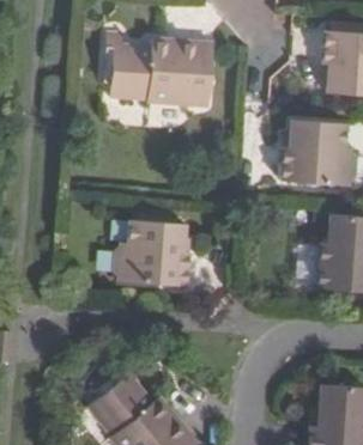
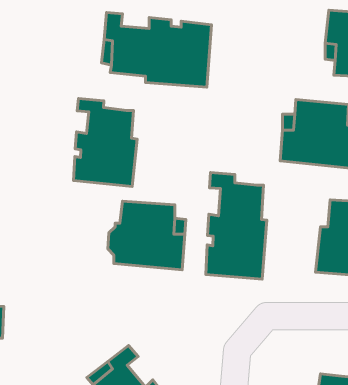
building: none -> [74,99,137,186]
building: none -> [206,173,267,279]

